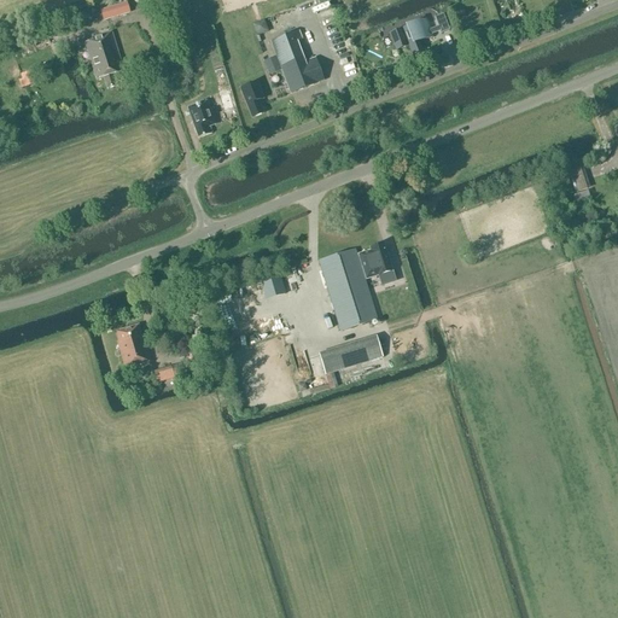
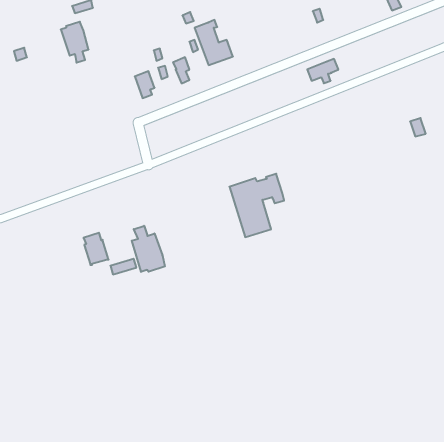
building: [390,18,433,52] -> [307,59,338,83]
building: none -> [132,226,165,272]
building: [319,334,383,374] -> none

